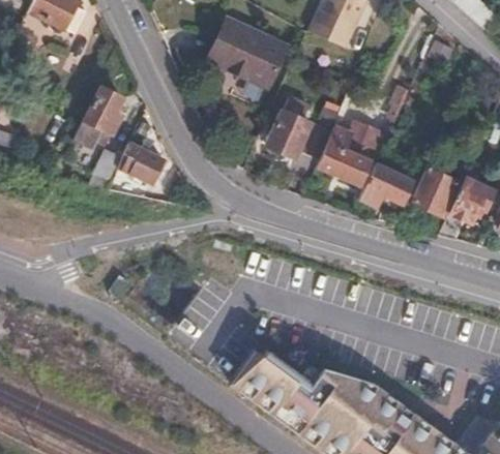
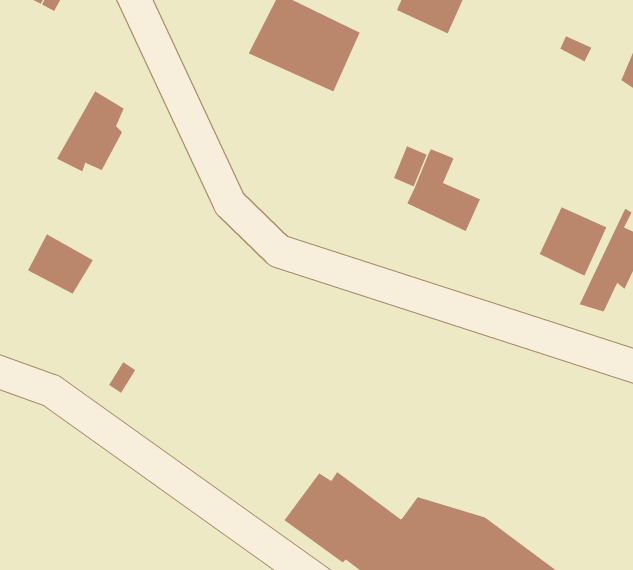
building: [270,98,311,157] -> none
building: [345,119,384,161] -> none
building: [115,141,161,183] -> [27,233,94,294]
building: [361,164,413,207] -> none

